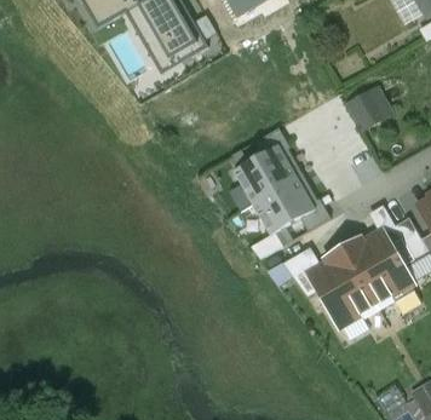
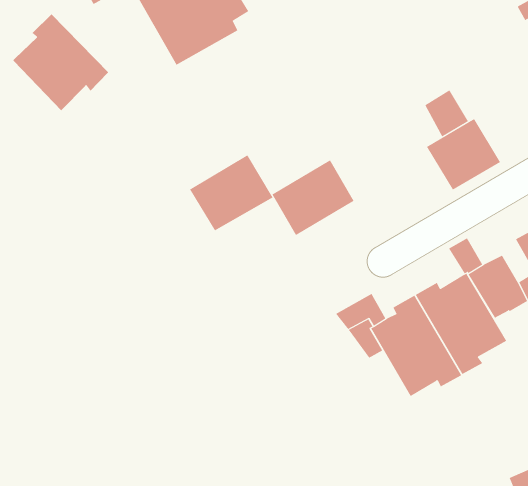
building: none -> [12,13,110,111]
building: none -> [426,118,501,191]
building: [252,177,316,235] -> [189,155,273,231]

